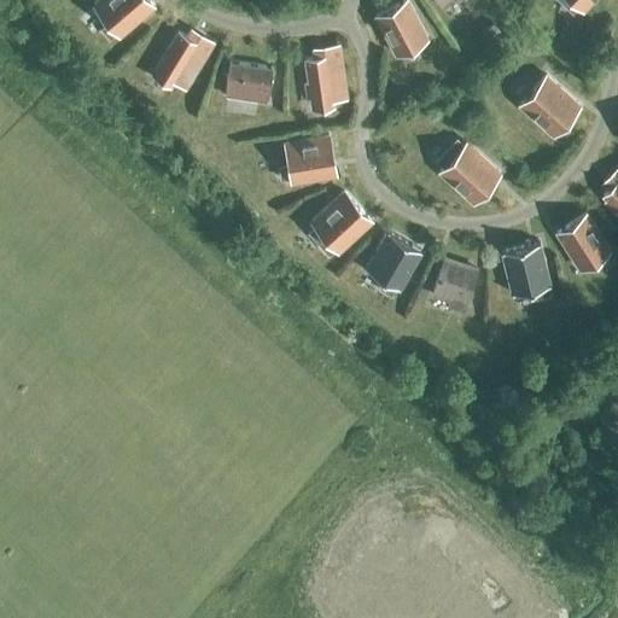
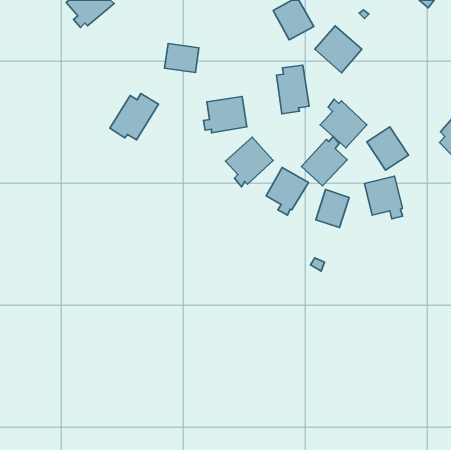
building: [150,29,216,92] -> [110,94,158,140]
building: [304,46,349,112] -> [276,65,309,114]
building: [518,75,582,139] -> [315,26,362,73]
building: none -> [301,137,347,186]
building: [555,214,612,273] -> [367,127,408,170]

